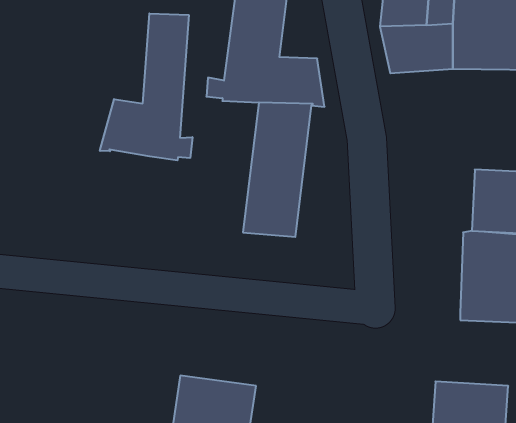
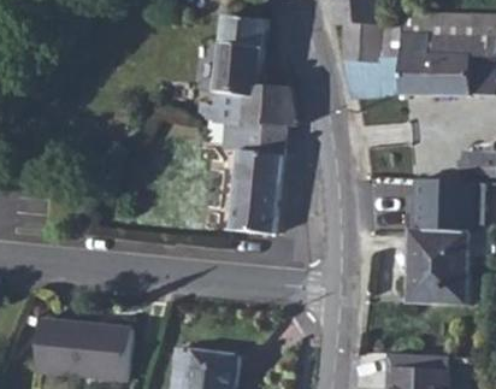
building: [100,13,192,160] -> none
building: none -> [35,324,131,379]

